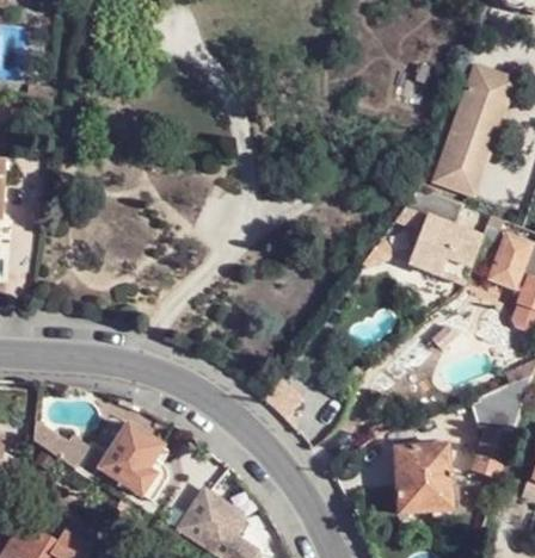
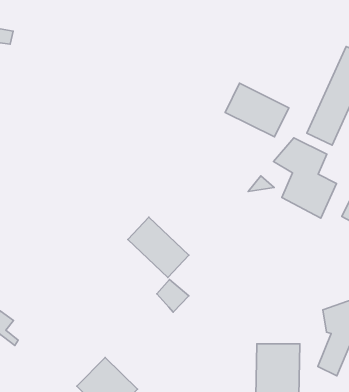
building: none -> [225,83,289,137]
building: none -> [128,217,189,278]
building: [100,423,161,492] -> none

